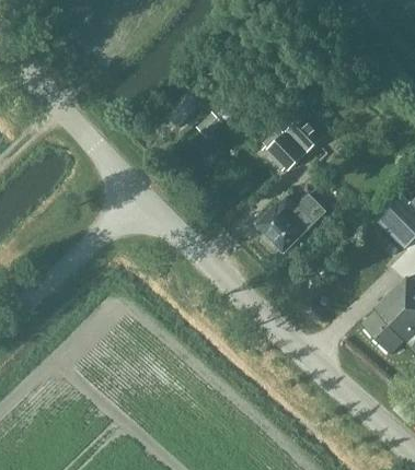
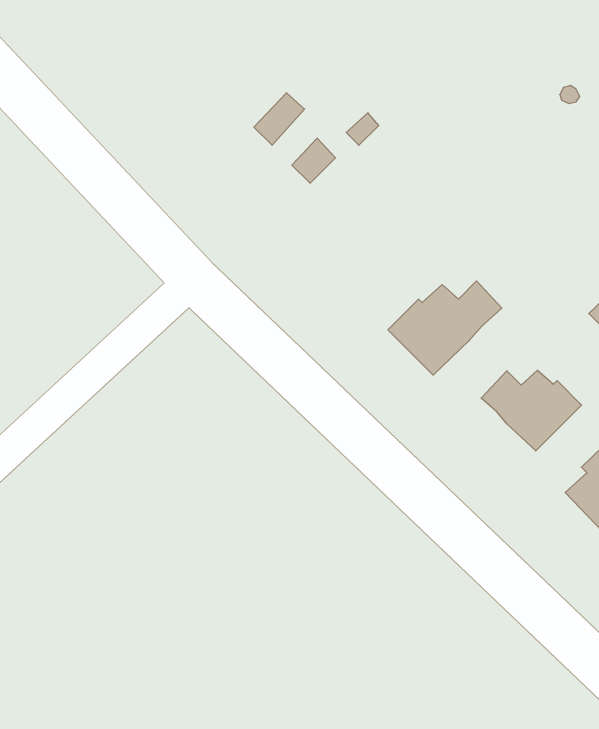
building: [267,113,323,168] -> none
building: none -> [481,370,582,451]

